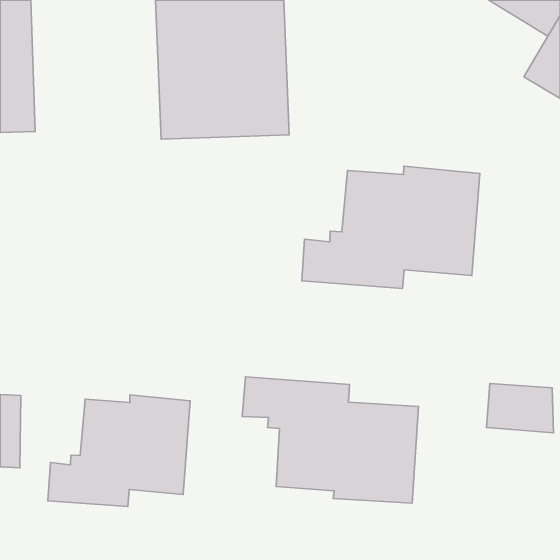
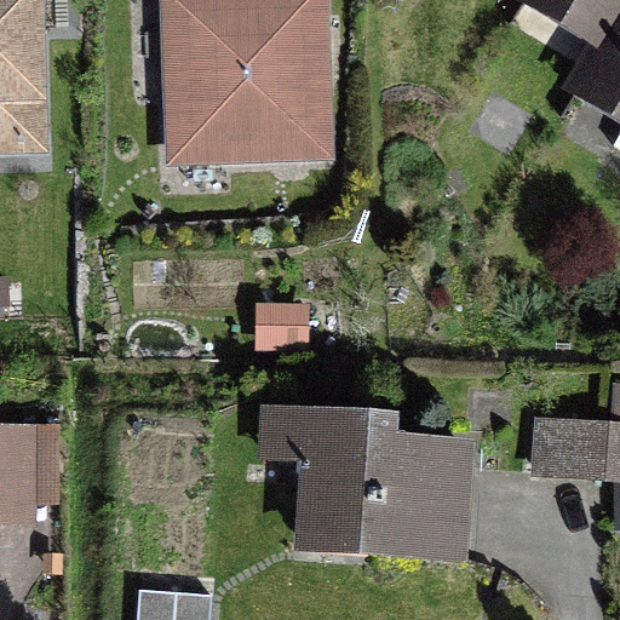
building: [302,166,480,288] -> none
building: [48,395,190,507] -> none

